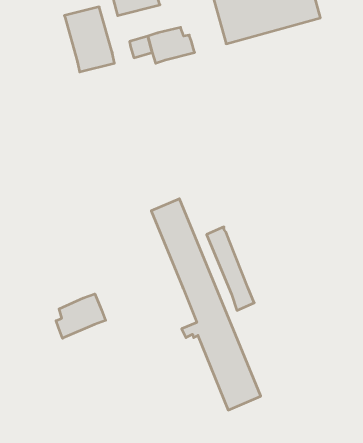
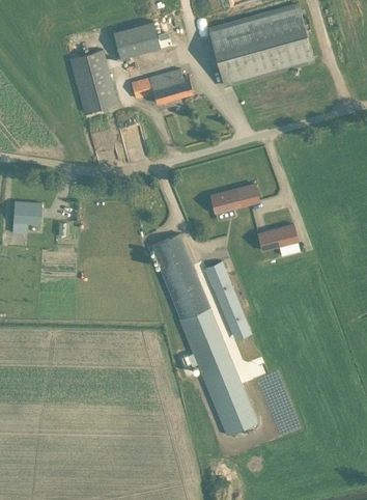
building: none -> [210,185,259,213]
building: none -> [12,201,41,233]
building: none -> [258,225,297,250]
building: [56,294,106,338] -> none

